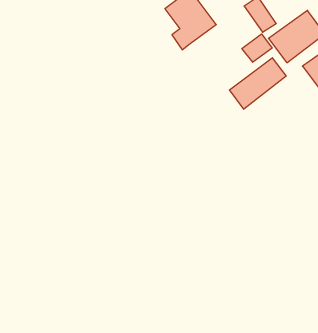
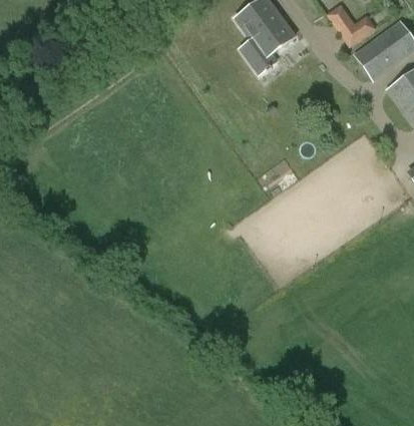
building: [242,34,272,62] -> none
building: [229,58,286,109] -> none

